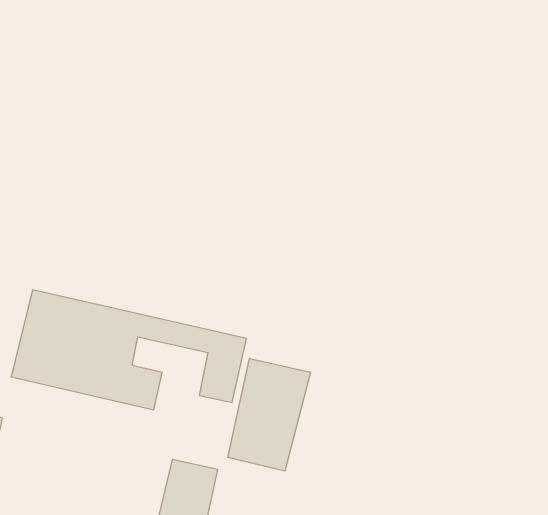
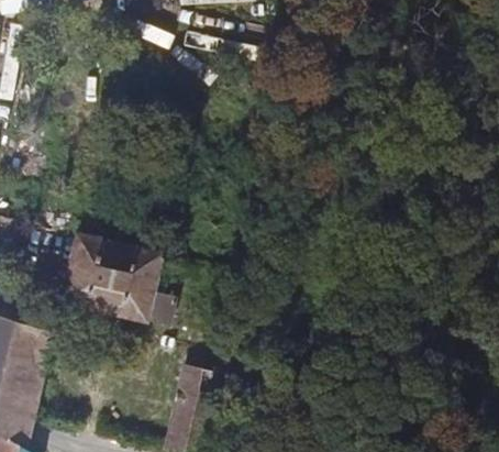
building: [228,358,311,471] -> none

